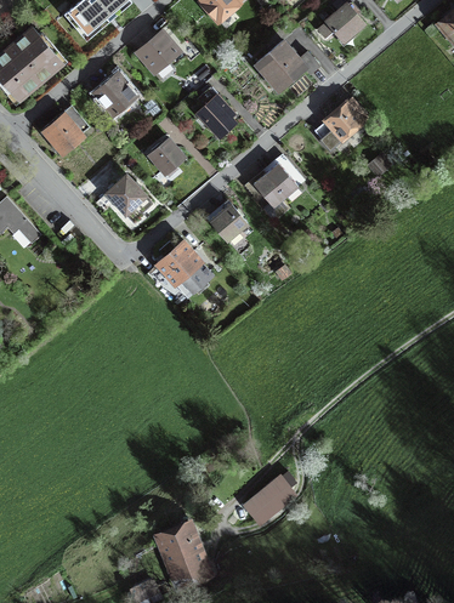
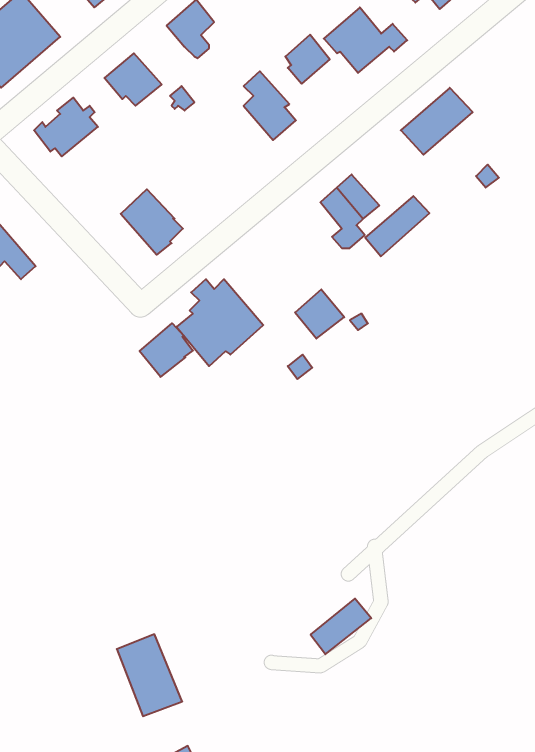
building: none -> [285,35,330,84]
building: [148,141,181,172] -> none
building: none -> [365,196,429,256]
building: [209,204,245,240] -> [295,289,344,339]
building: none -> [140,323,193,377]
building: [158,525,206,586] -> [117,634,182,716]

